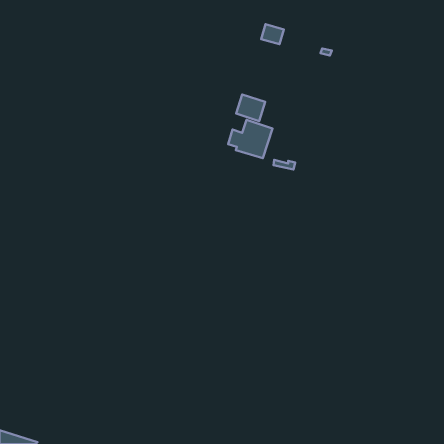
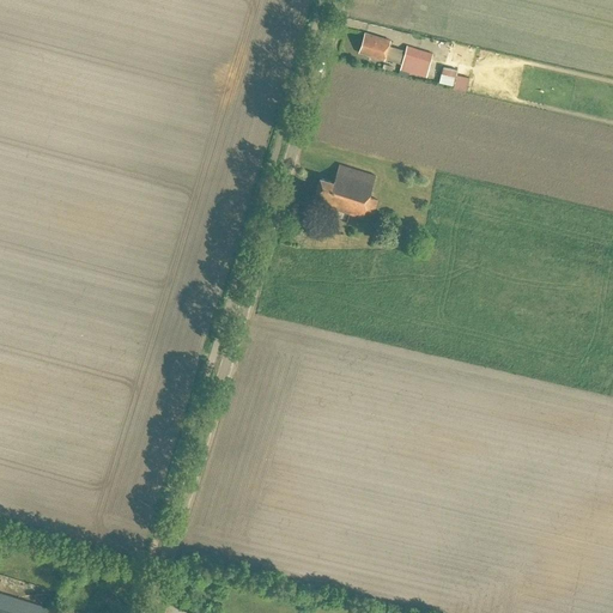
building: none -> [400,47,432,77]
building: [236,94,265,121] -> none

